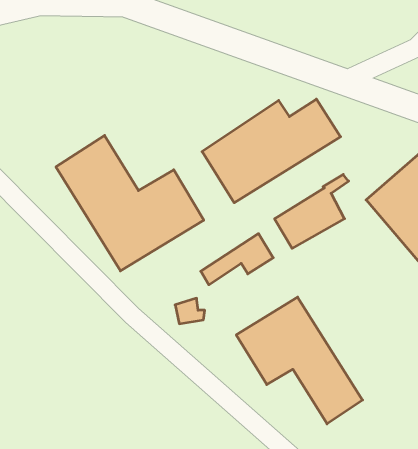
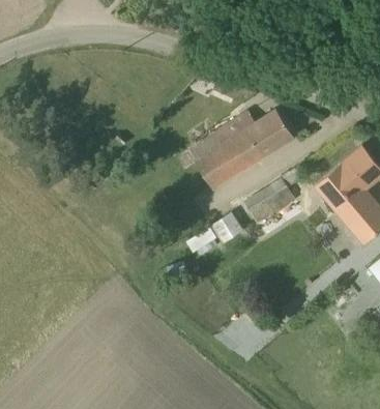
building: [56,135,204,271] -> none
building: [236,297,363,424] -> none

